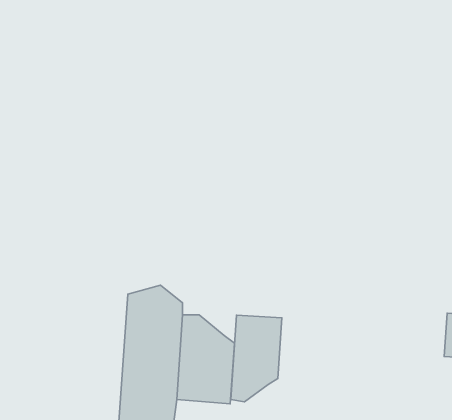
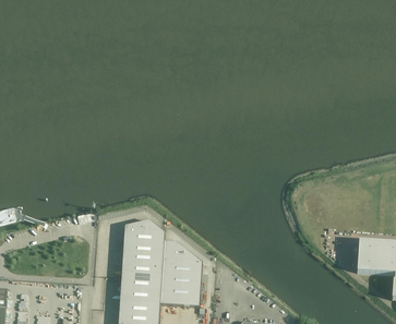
building: [231,315,282,402] -> none

